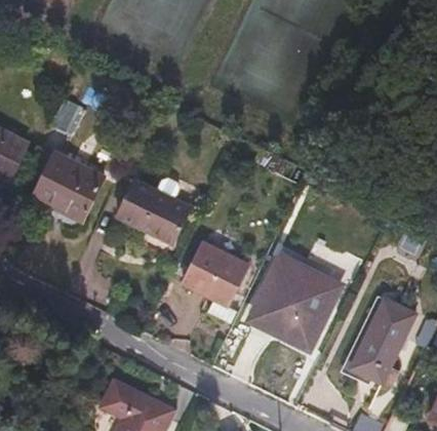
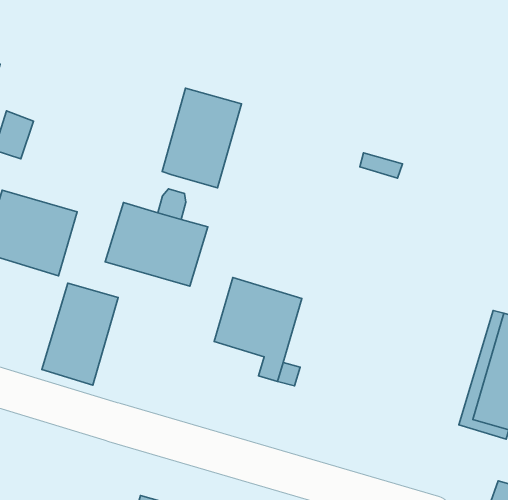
building: none -> [162,88,242,188]
building: none -> [42,283,118,385]
building: [255,254,341,350] -> none

